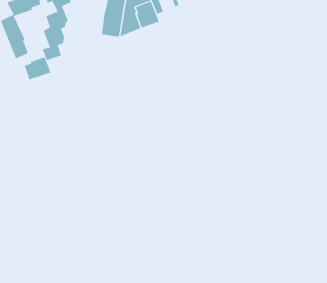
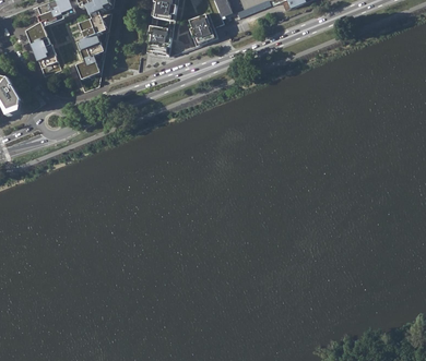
building: [24,57,51,80] -> none

